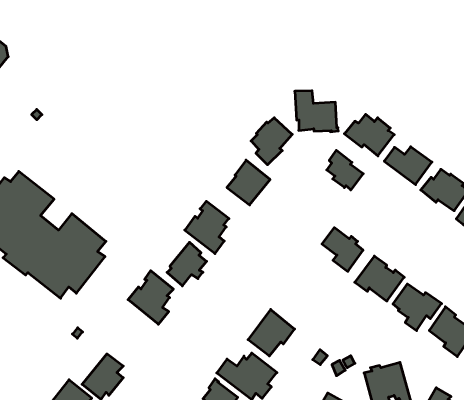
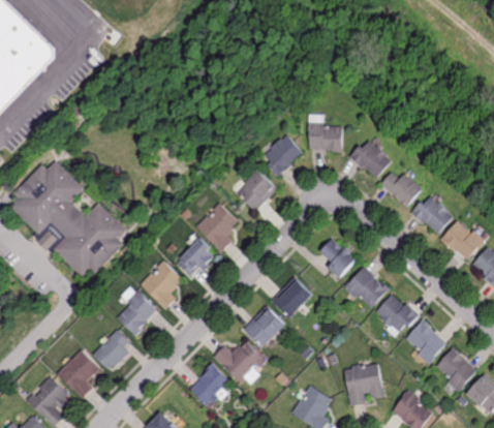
building: [327,150,363,190] -> none
building: none -> [271,277,311,318]
building: none -> [117,291,156,335]

